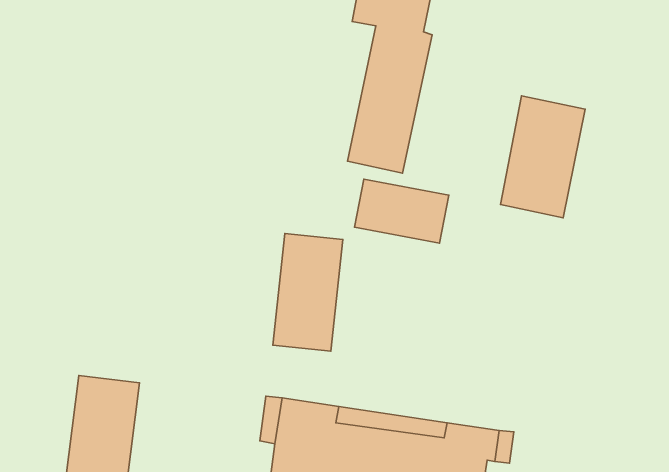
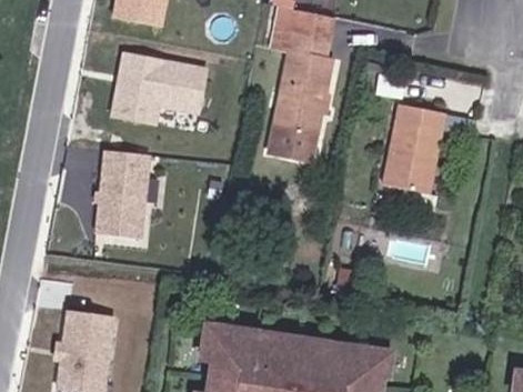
building: none -> [113,50,208,121]
building: [355,179,449,243] -> none
building: [273,234,343,351] -> [98,151,150,239]

